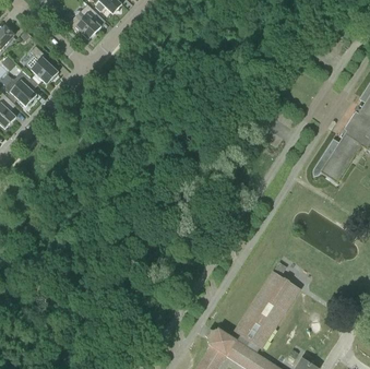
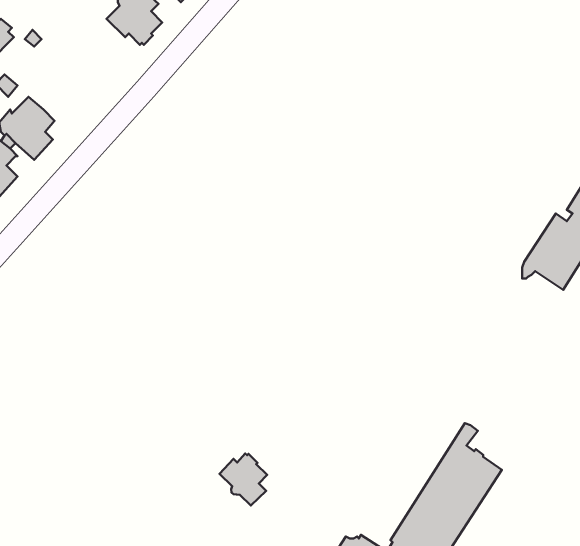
building: [23,46,58,84] -> none
building: none -> [220,454,267,505]

